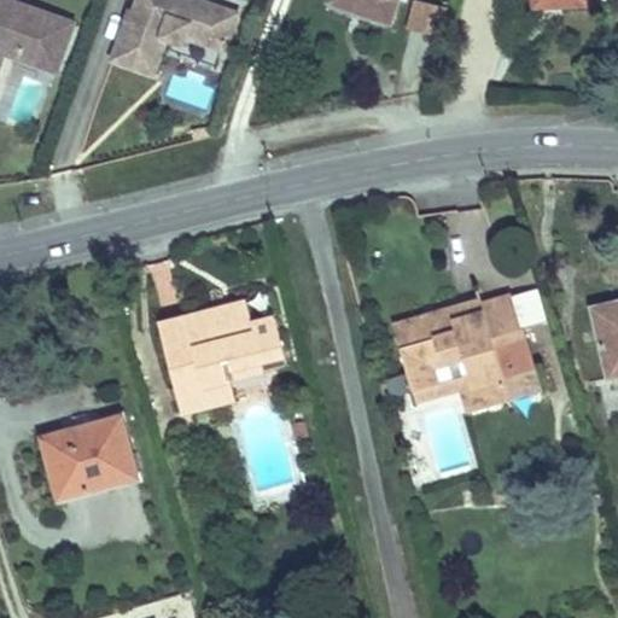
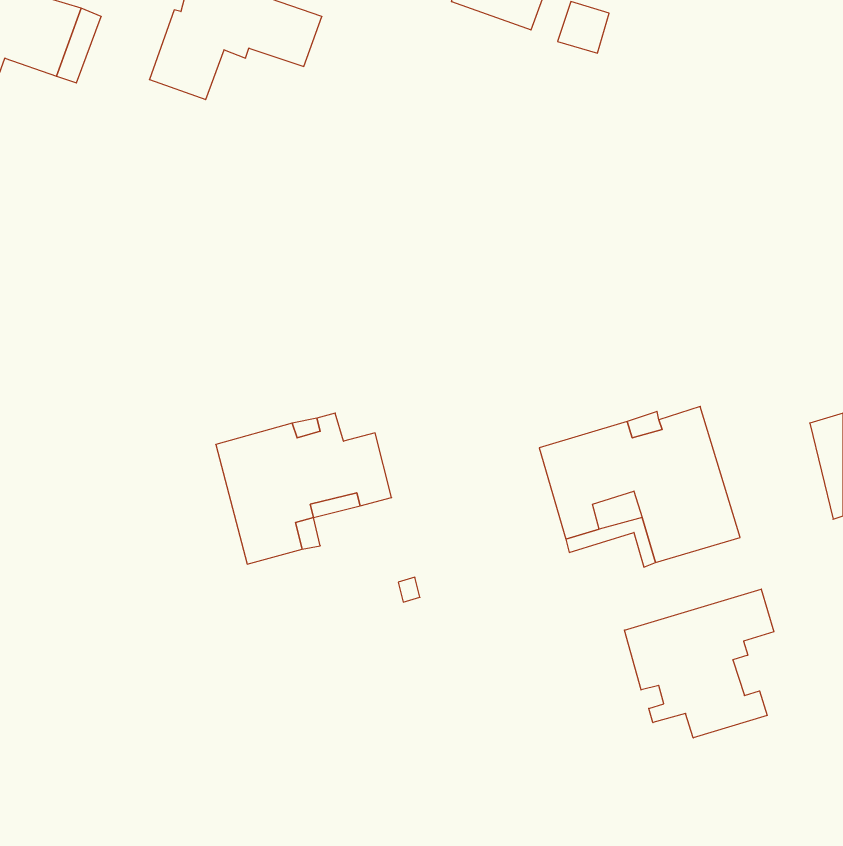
building: [42,416,135,497] -> none
building: none -> [624,589,774,738]

